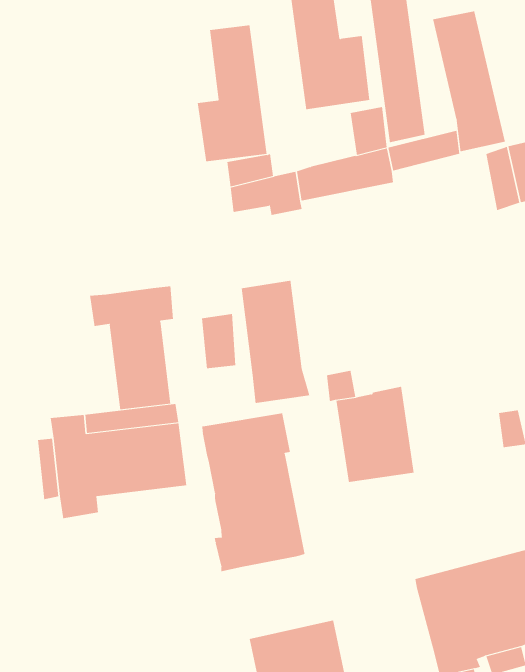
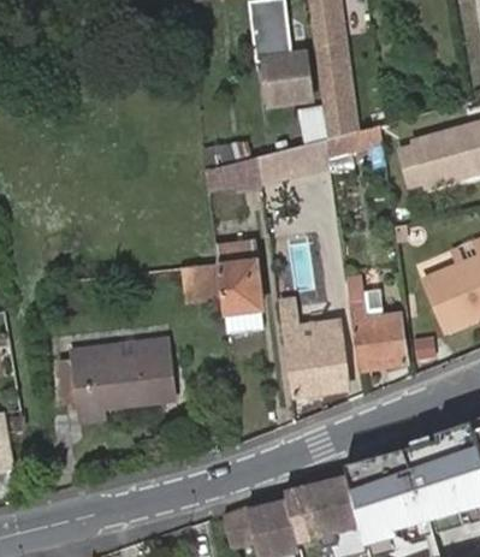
building: [433,10,506,152] -> none
building: [197,24,267,162] -> none
building: [89,286,173,410] -> none
building: none -> [348,278,408,371]
building: [202,412,305,572] -> none
building: none -> [284,475,361,534]

